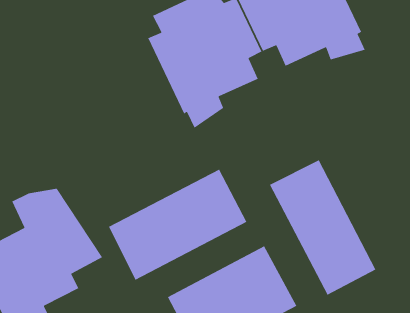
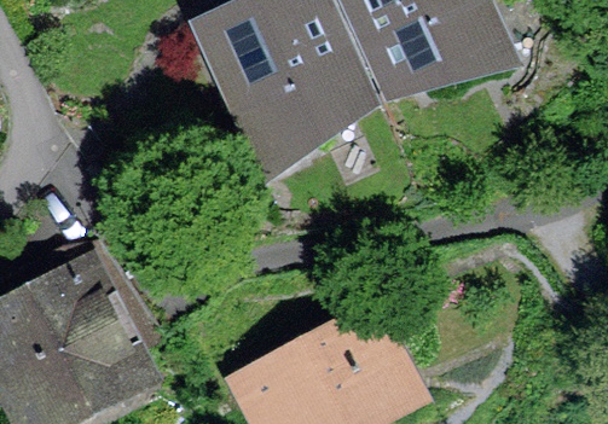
building: [269,159,377,296] -> none
building: [108,169,248,281] -> none

